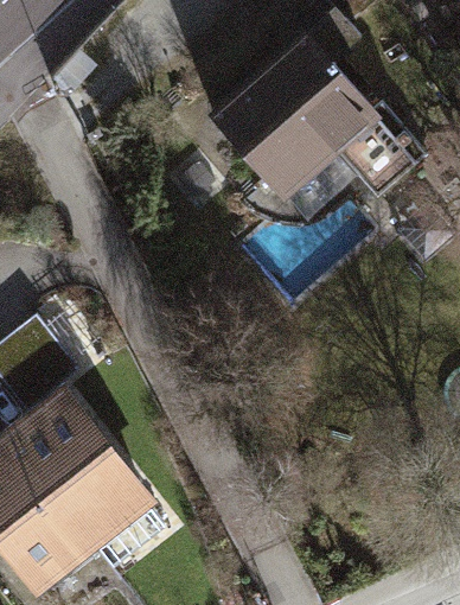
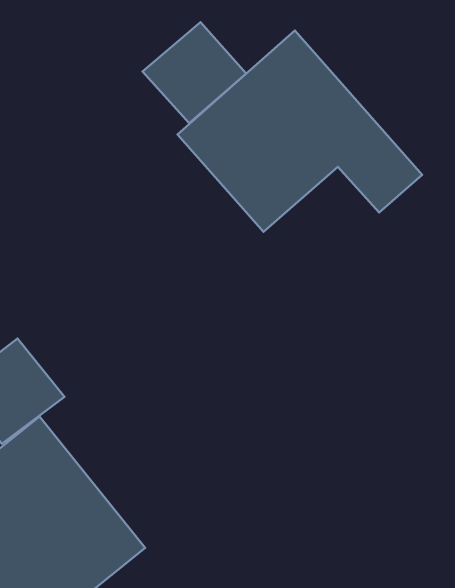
building: none -> [143,22,246,123]

